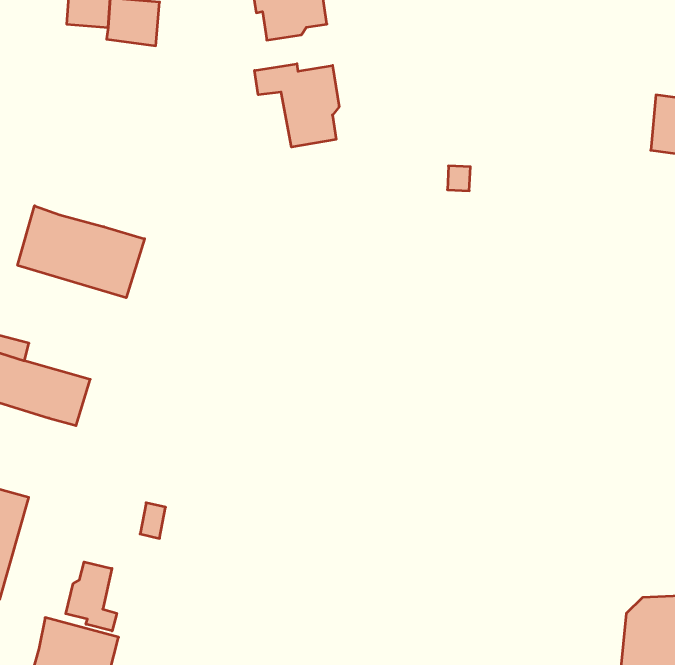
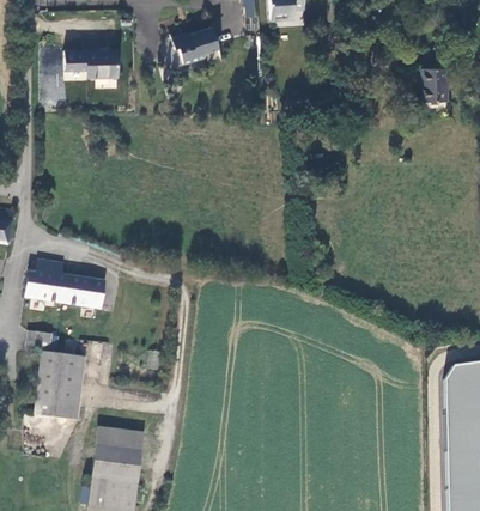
building: [255,64,339,147] -> none
building: [18,206,145,298] -> none
building: [66,562,117,631] -> none

